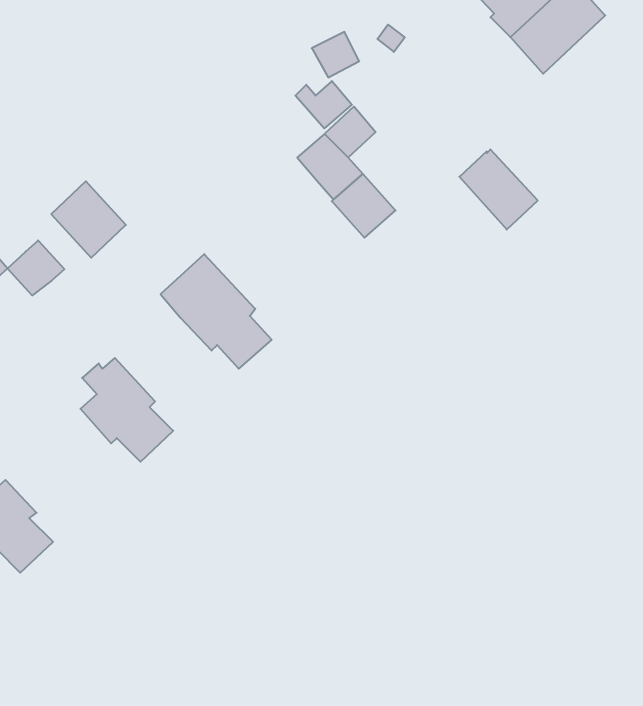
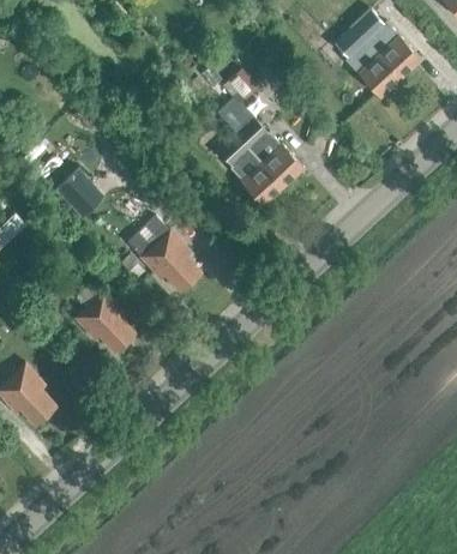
building: [459,149,538,230] -> [252,134,303,187]
building: [7,240,64,295] -> none

